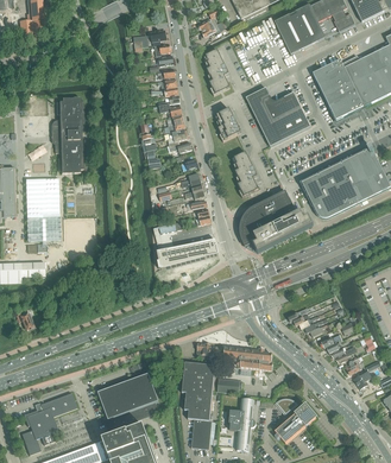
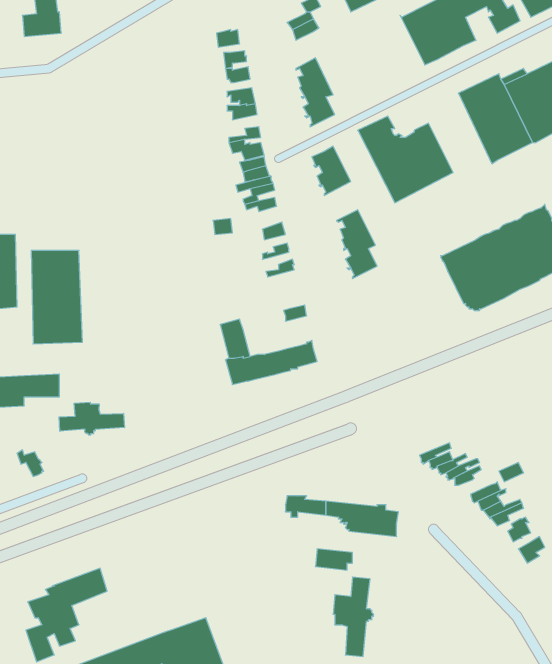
building: [50,97,86,173] -> none
building: [239,190,311,253] -> none
building: none -> [59,402,124,435]
building: [181,362,215,449] -> none
building: [97,369,158,435] -> none
building: [275,399,315,443] -> none

